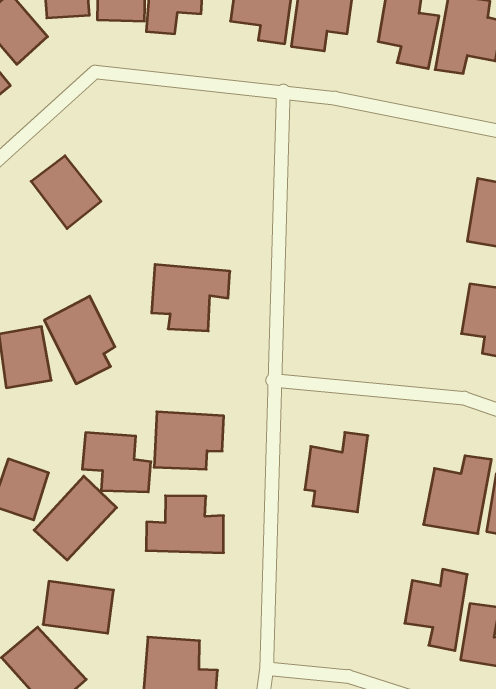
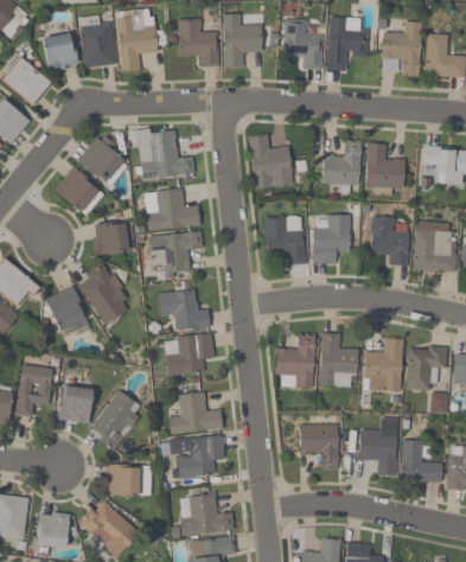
building: none -> [77,133,127,183]
building: none -> [135,126,194,180]
building: none -> [249,134,293,189]
building: none -> [321,140,360,185]
building: none -> [147,187,202,229]
building: none -> [92,221,134,255]
building: none -> [264,215,306,264]
building: none -> [311,215,350,263]
building: [82,433,151,492] -> [159,289,209,331]
building: none -> [319,332,357,387]
building: none -> [177,435,224,478]
building: none -> [300,423,338,468]

